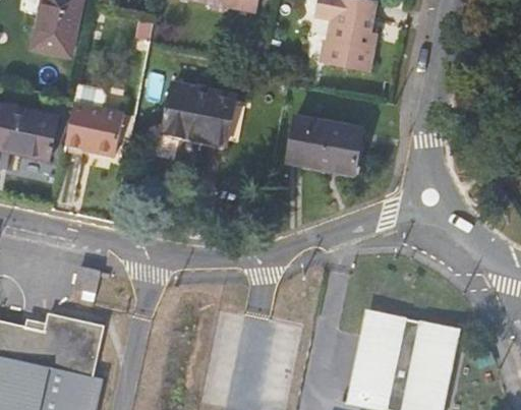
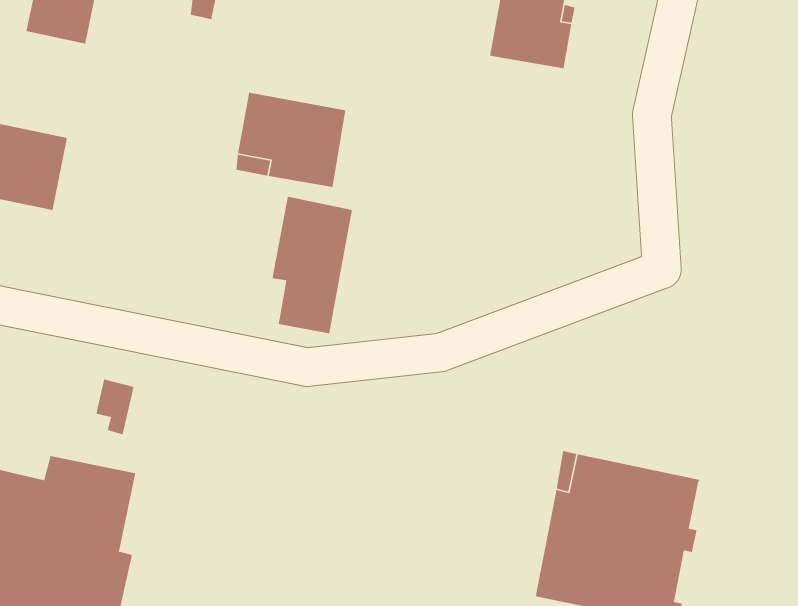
building: [66,103,123,170] -> none
building: [289,114,365,171] -> none
building: none -> [272,196,353,334]

